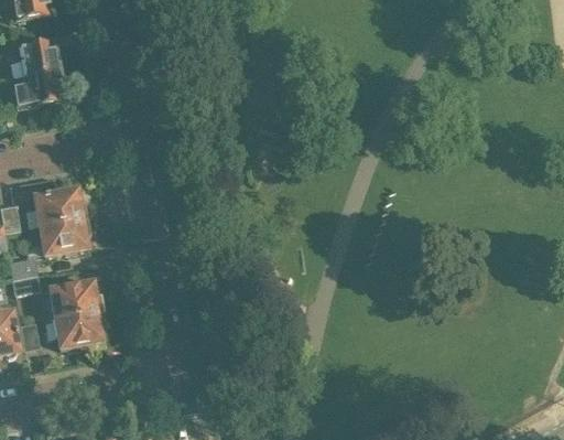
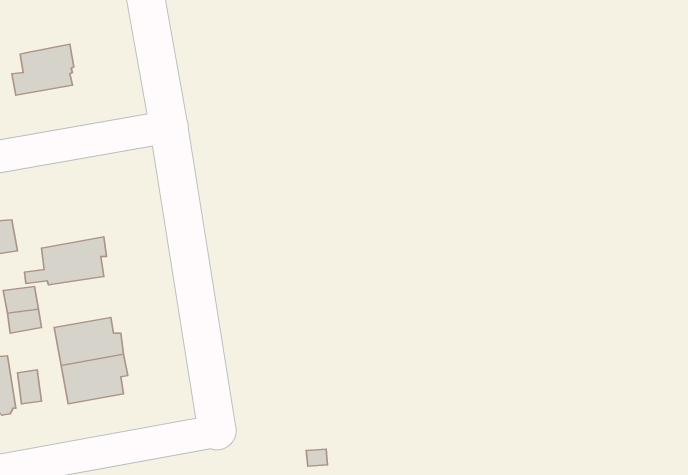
building: [21,37,59,73] -> none
building: [24,186,86,225] -> none

